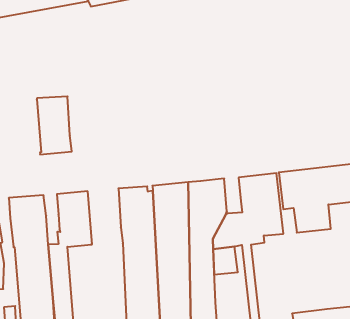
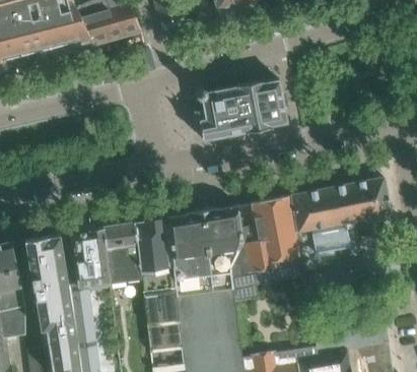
building: none -> [188,79,287,140]
building: [37,96,72,154] -> [103,223,142,283]

